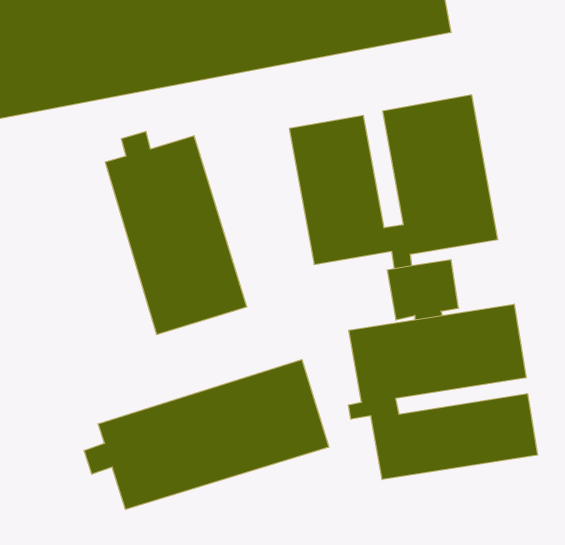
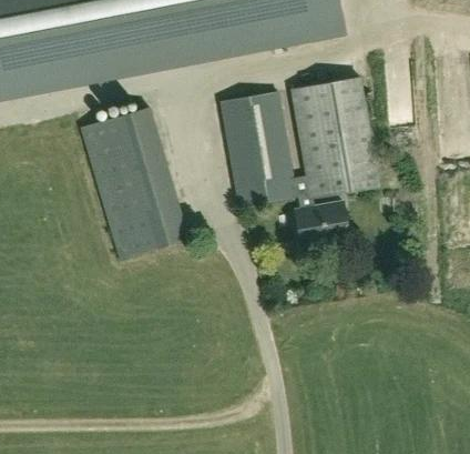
building: [348,304,538,480] -> none
building: [84,360,329,509] -> none

